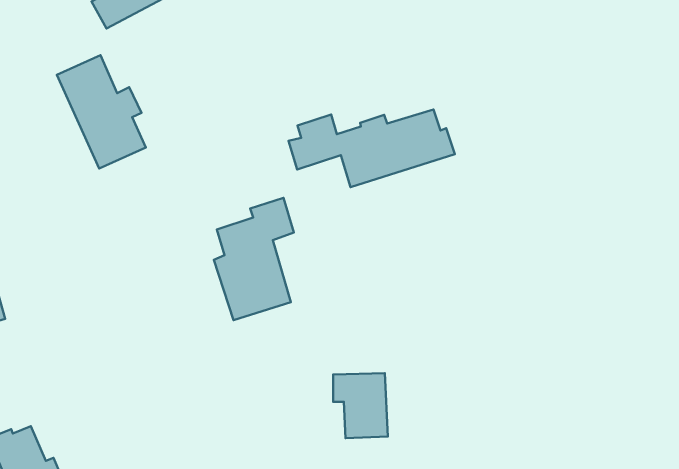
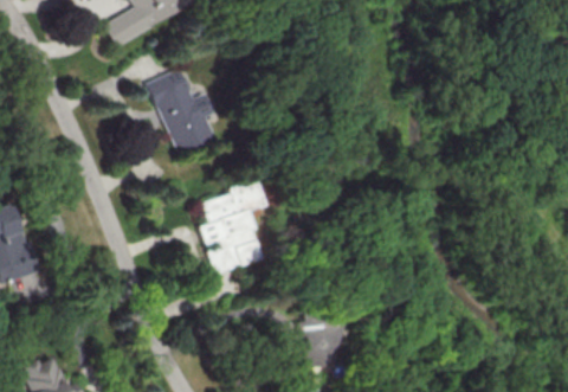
building: [57,55,146,169] -> [148,69,218,158]
building: [289,109,455,187] -> none

